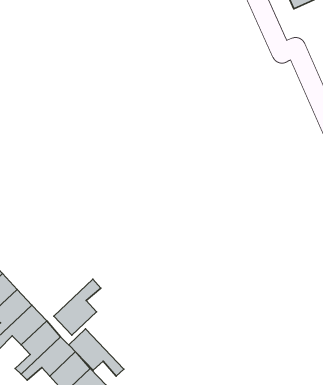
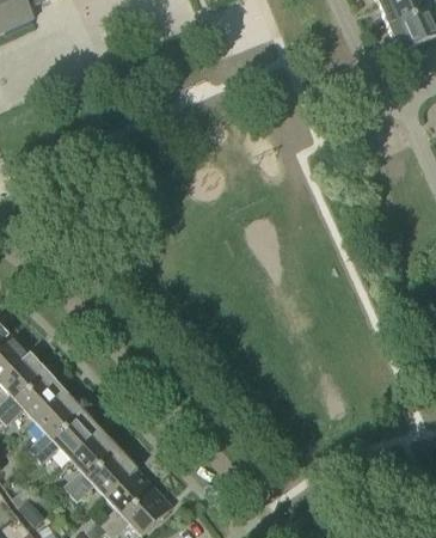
building: [54,279,101,335] -> none
building: [69,329,124,376] -> none

